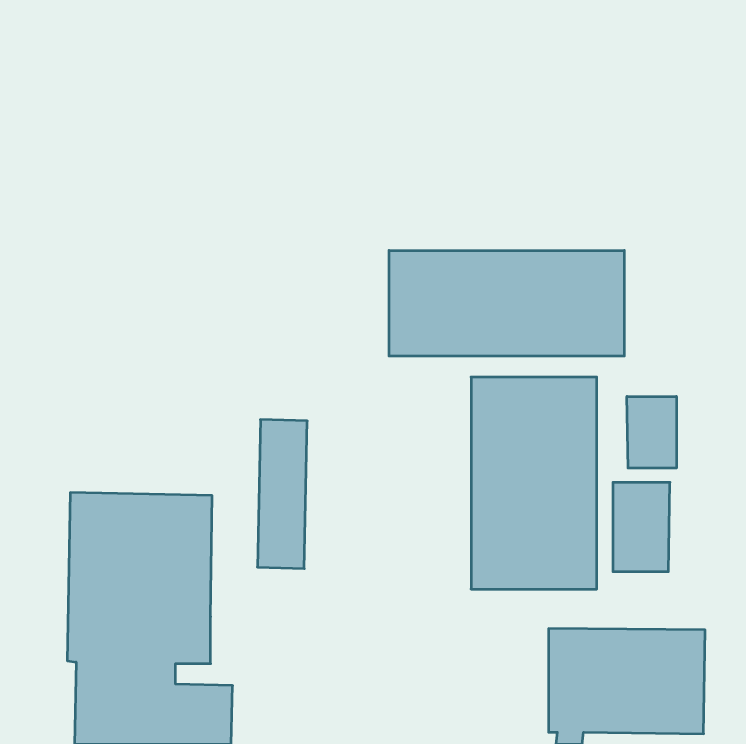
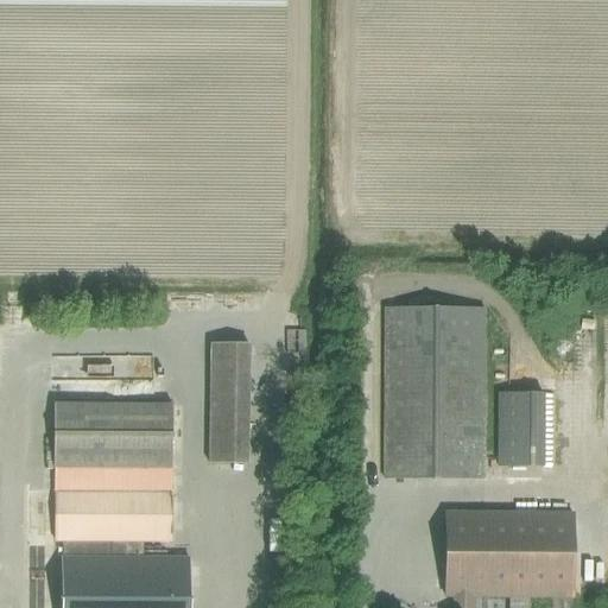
building: [389,250,624,356] -> none
building: [627,396,676,468] -> none

